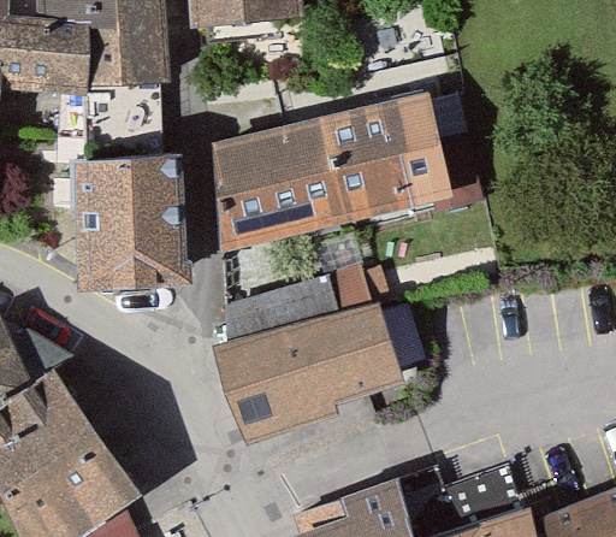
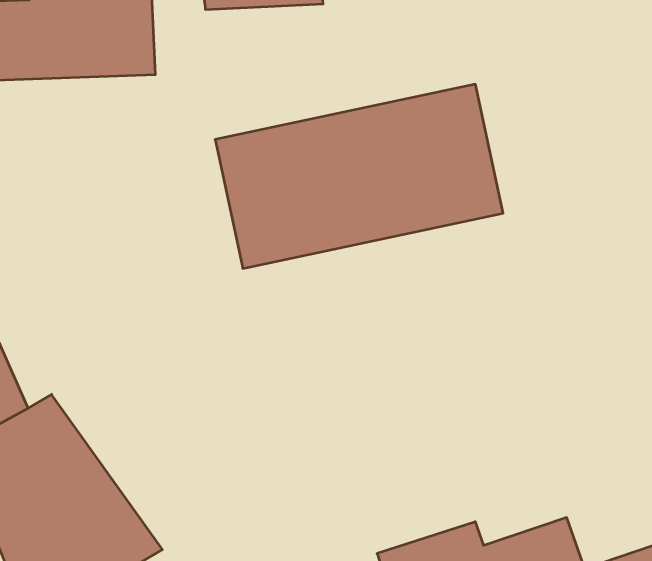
building: [70,154,176,287] -> none
building: [218,281,408,447] -> none

